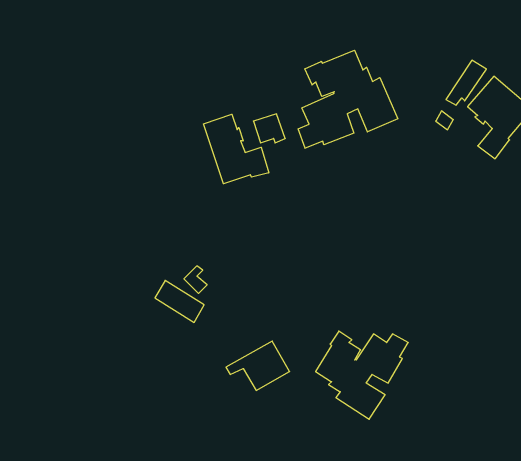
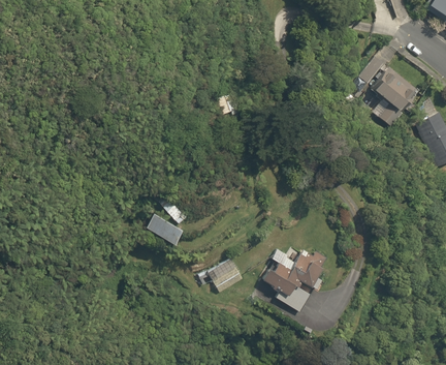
building: [298,50,398,148] -> none
building: [203,114,269,184] -> none

